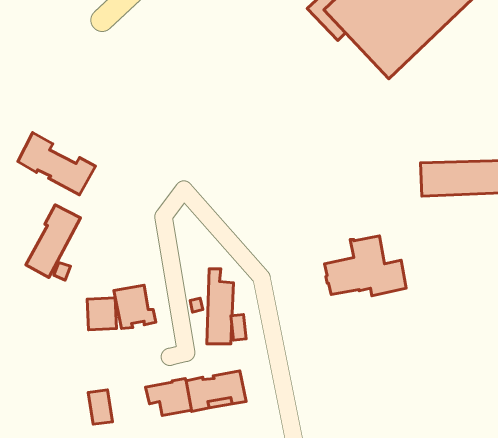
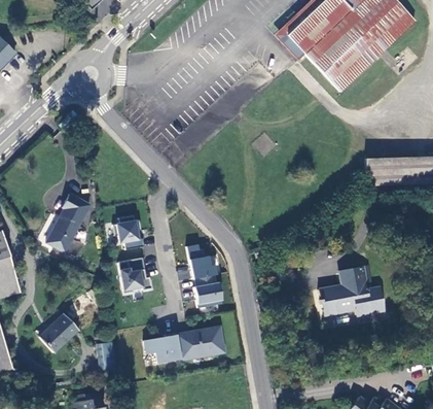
building: [18,132,96,195] -> none
building: [325,236,406,296] -> [318,267,384,315]
building: [87,298,116,330] -> [119,219,143,245]
building: none -> [40,314,79,352]

